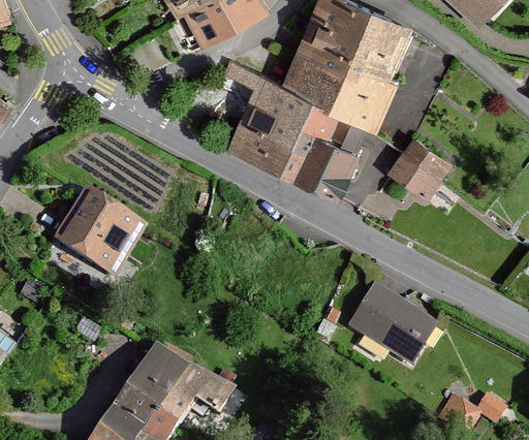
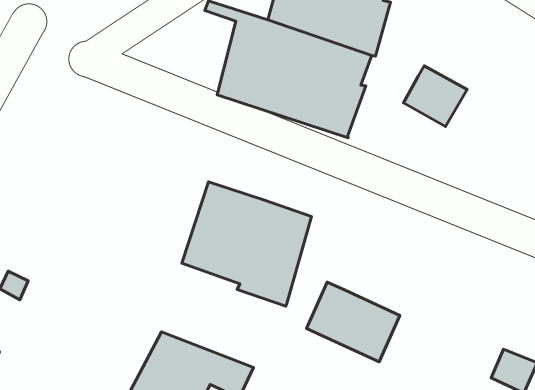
building: [55,184,149,275] -> none
building: none -> [182,182,312,306]
building: [351,286,434,360] -> [306,282,400,362]

